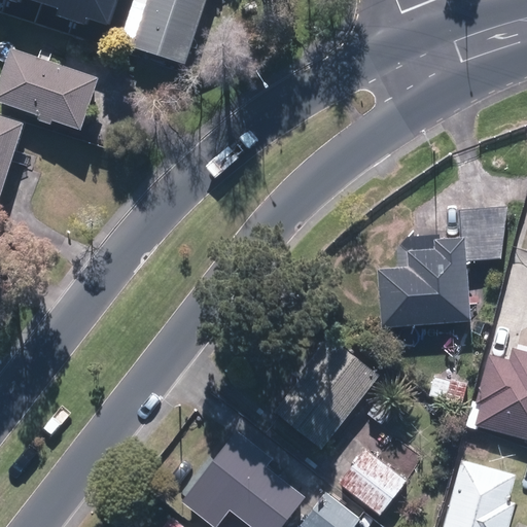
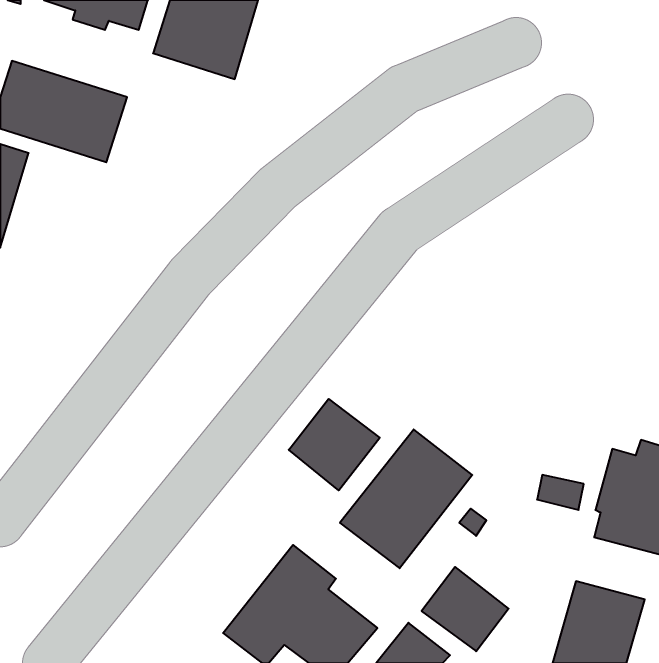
building: [375,209,499,330] -> none
building: none -> [289,399,380,490]

